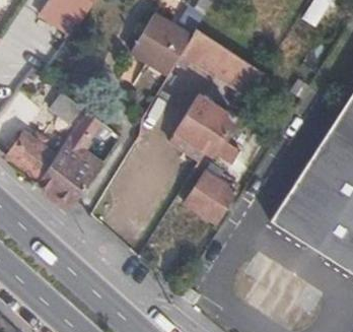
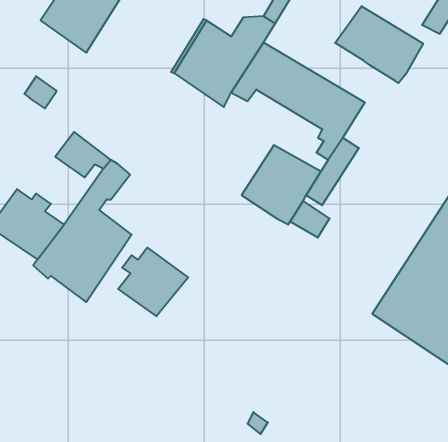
building: none -> [335,6,423,83]
building: [184,171,235,222] -> none
building: none -> [118,248,188,316]

